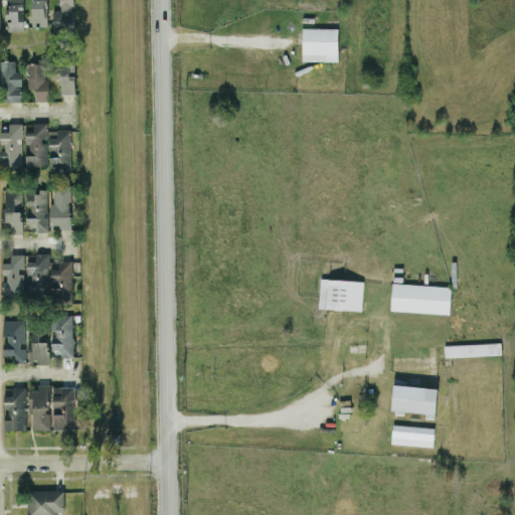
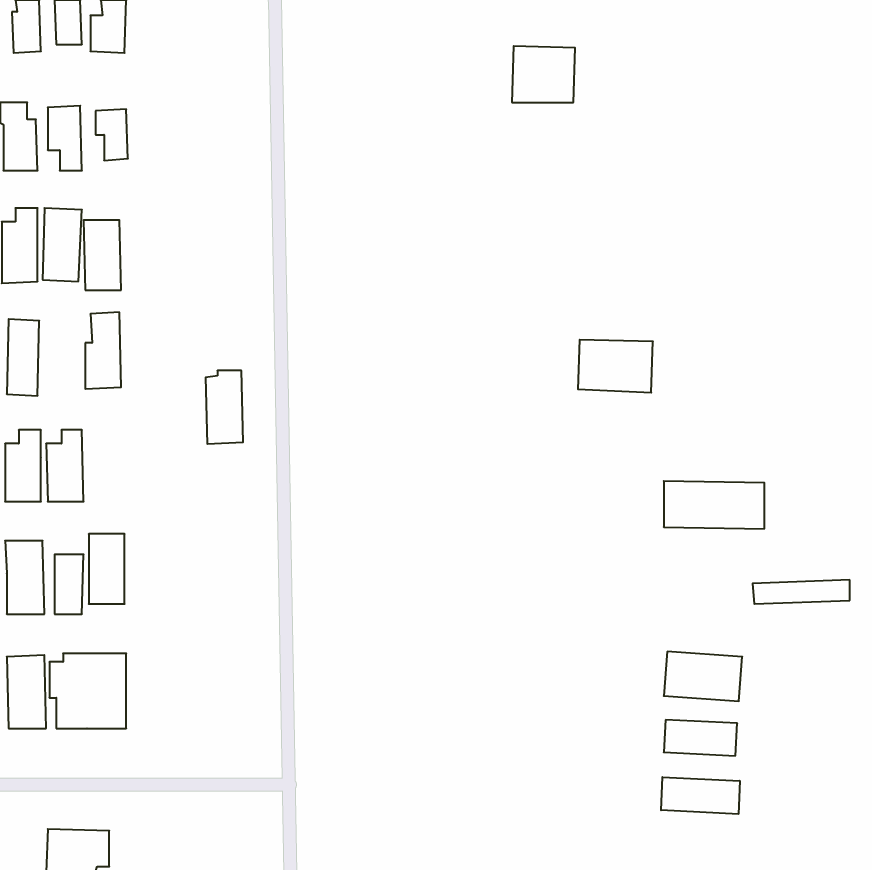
building: [26,189,48,232] -> none
building: [51,261,73,304] -> [206,371,243,444]
building: [319,280,363,311] -> [578,340,653,393]
building: none -> [661,777,740,814]

